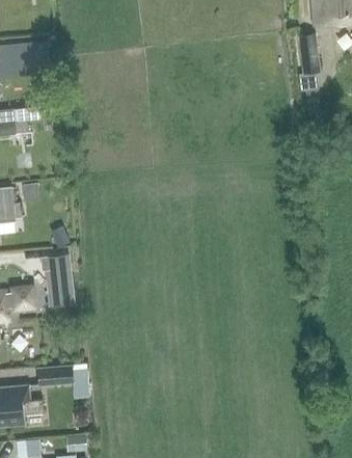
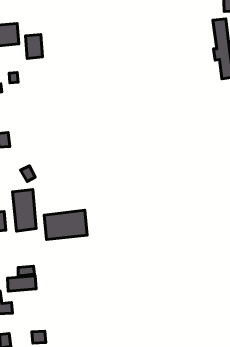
building: none -> [25,34,43,58]
building: none -> [44,210,87,239]

